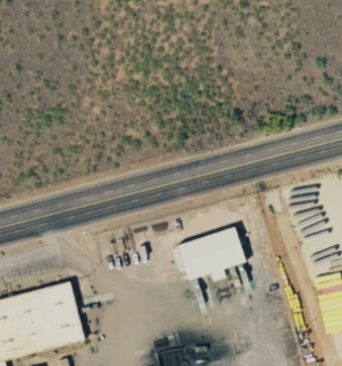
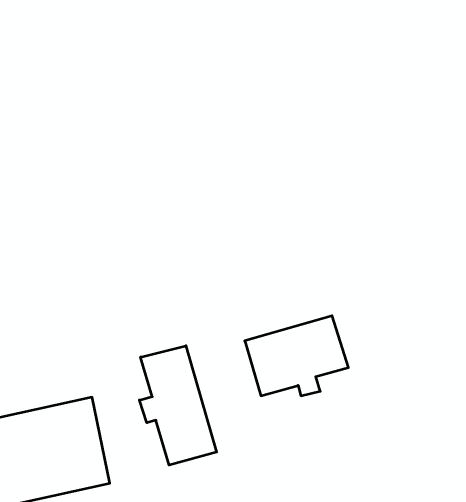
building: none -> [139,346,217,465]

